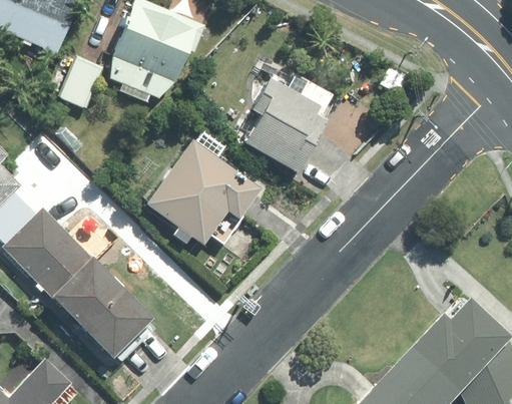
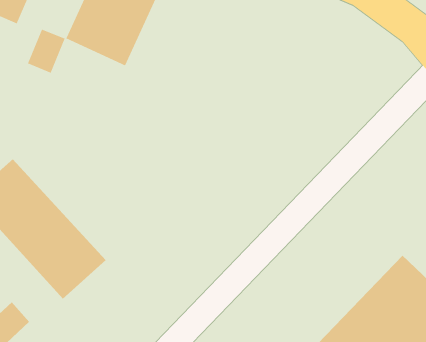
building: [233,51,321,171] -> none
building: [138,132,246,240] -> none

